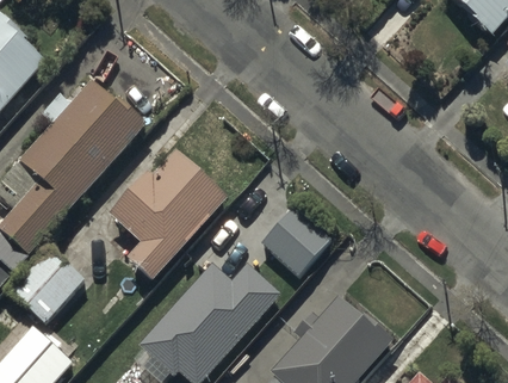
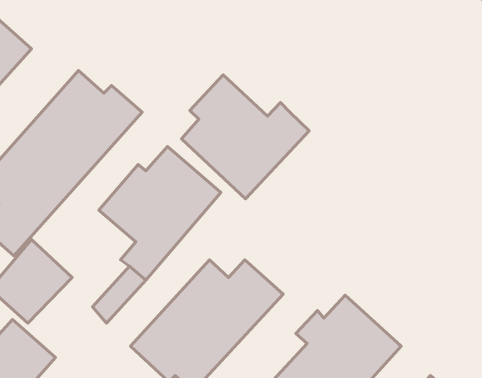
building: none -> [181,75,309,199]
building: [261,203,330,272] -> none

